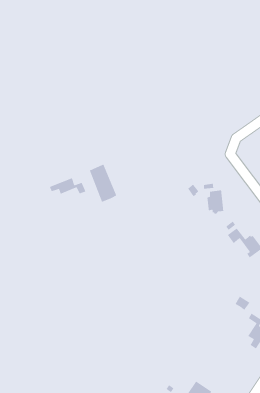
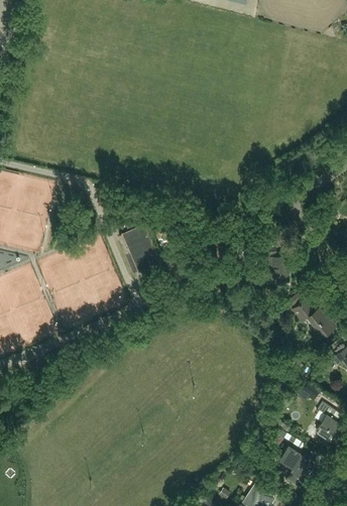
building: [49,177,86,195] -> none
building: none -> [280,447,314,489]

